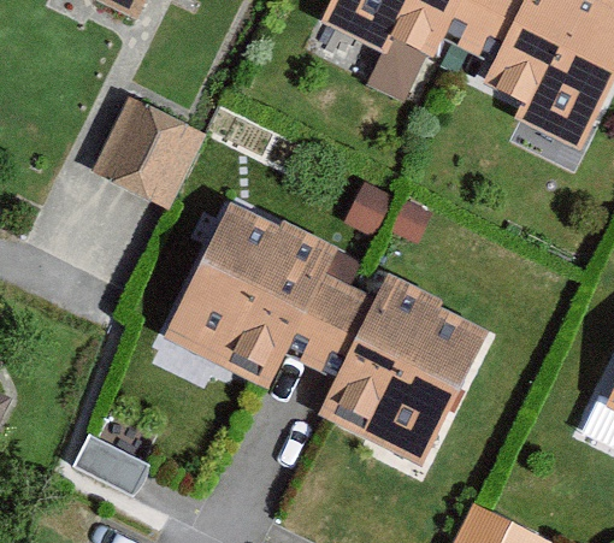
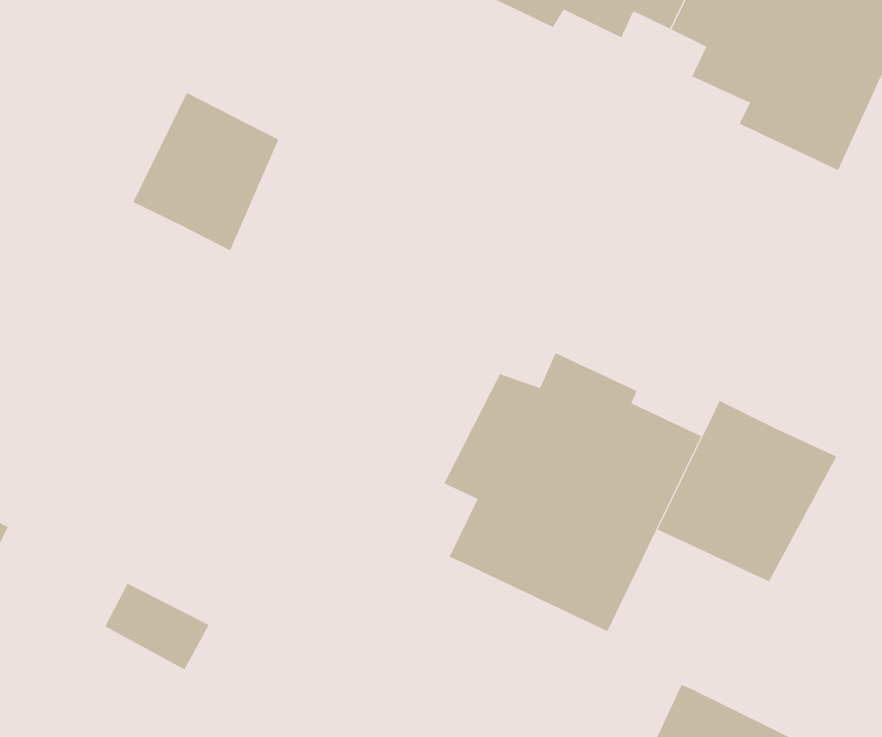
building: [163,202,348,388] -> none
building: none -> [657,400,837,582]

